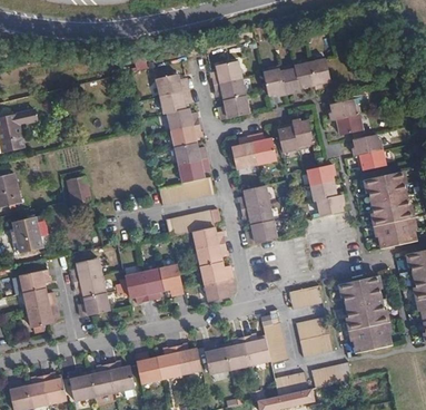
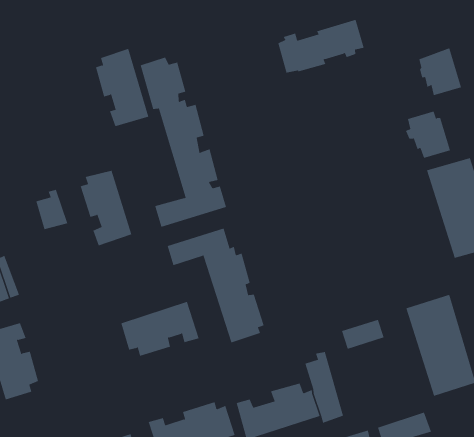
building: [209,62,247,121] -> [95,48,149,127]
building: [331,99,363,135] -> [418,48,462,96]
building: [278,117,314,150] -> none
building: [229,133,274,168] -> none
building: [307,163,344,215] -> none
building: [236,184,274,243] -> none
building: [72,260,109,316] -> [80,170,132,246]
building: [297,320,334,358] -> none

